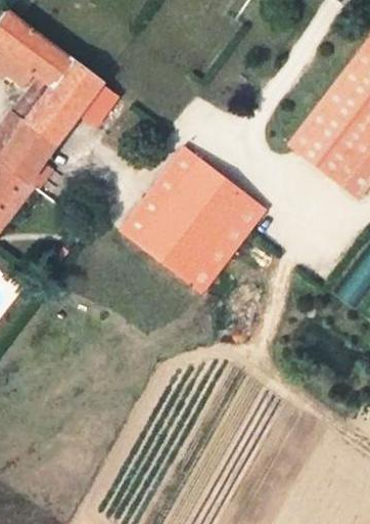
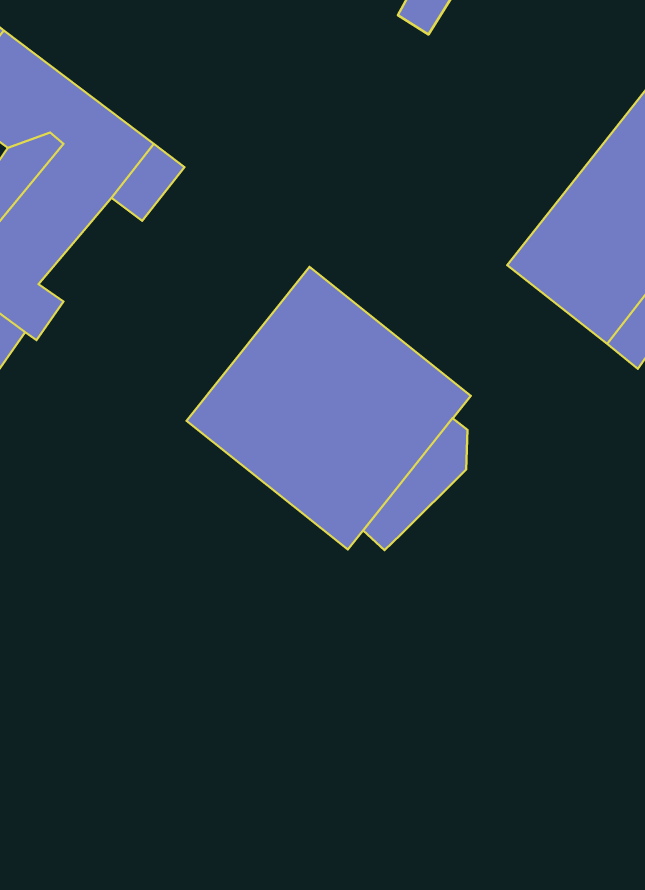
building: none -> [363,418,467,550]

